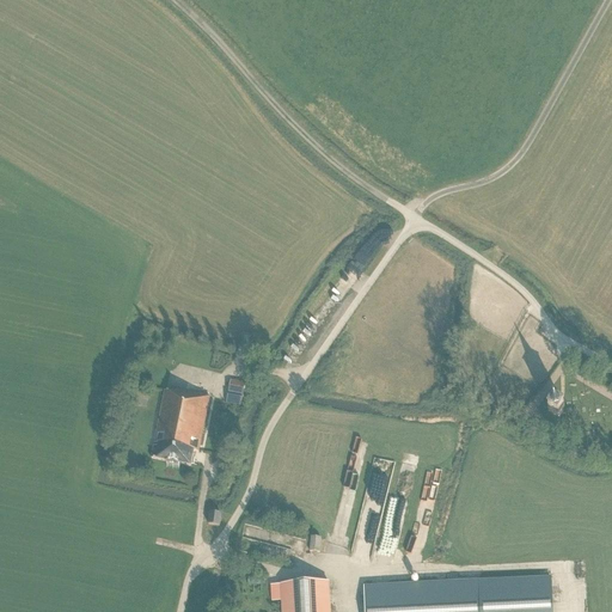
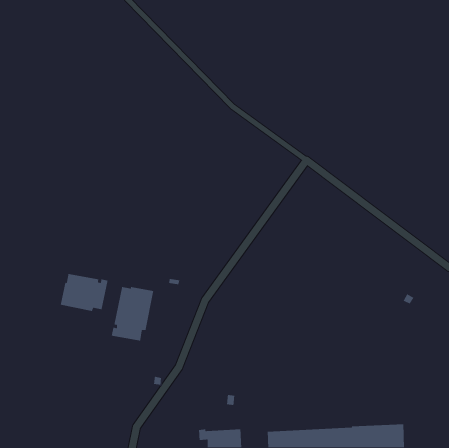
building: none -> [60,273,108,312]

